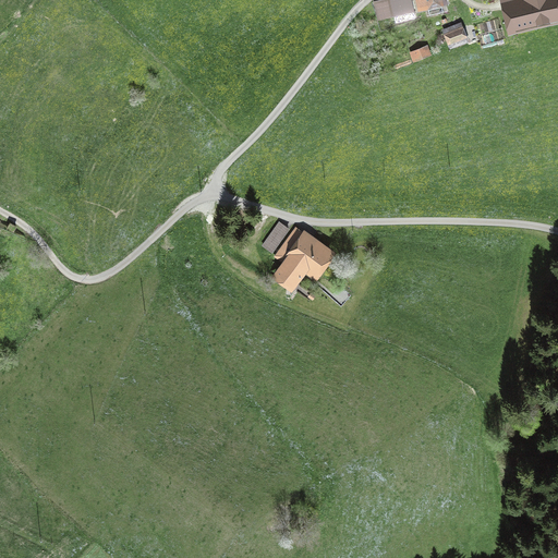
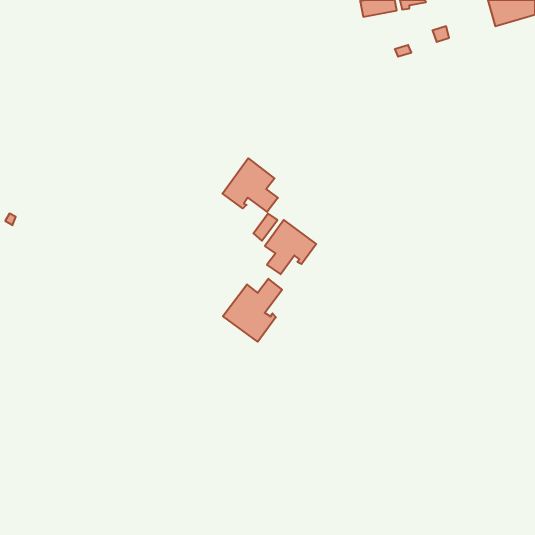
building: none -> [222,158,278,212]
building: none -> [223,279,282,342]

